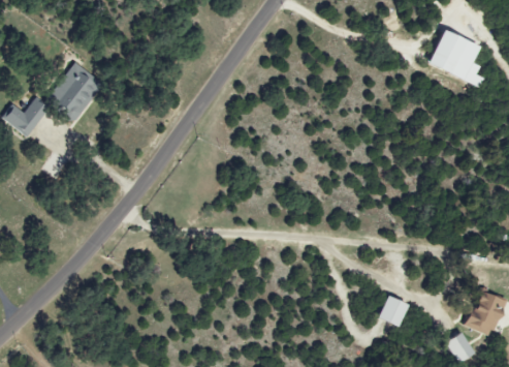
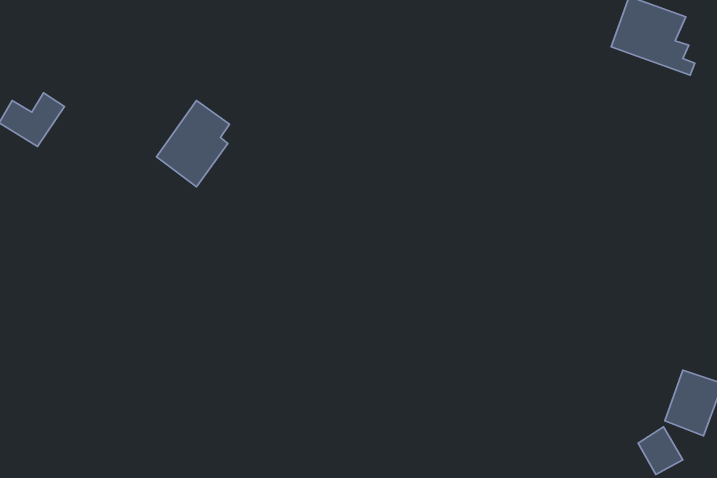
building: [46,61,97,121] -> [156,100,229,187]
building: [376,295,406,326] -> none

